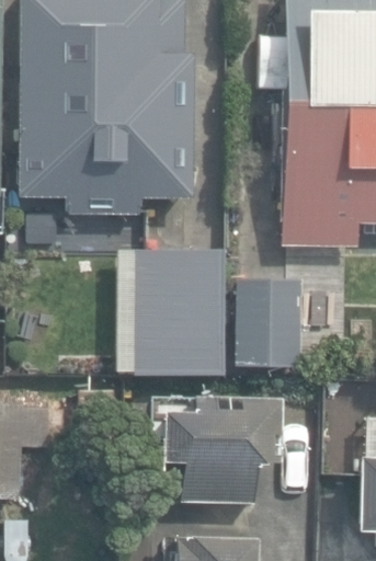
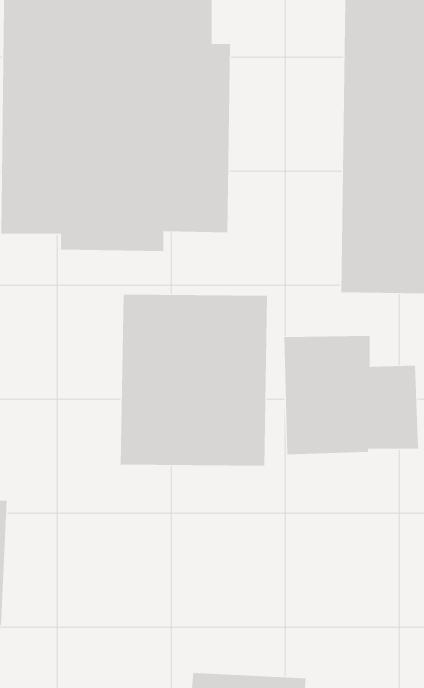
building: [151,398,281,501] -> none

